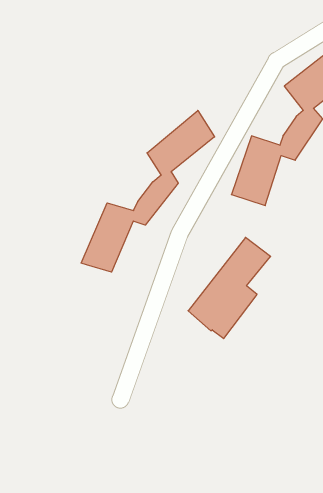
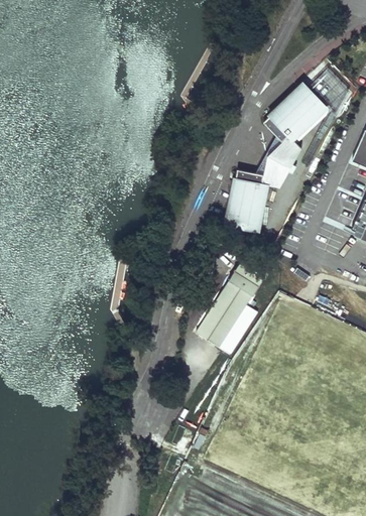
building: [81,110,215,272] -> none

